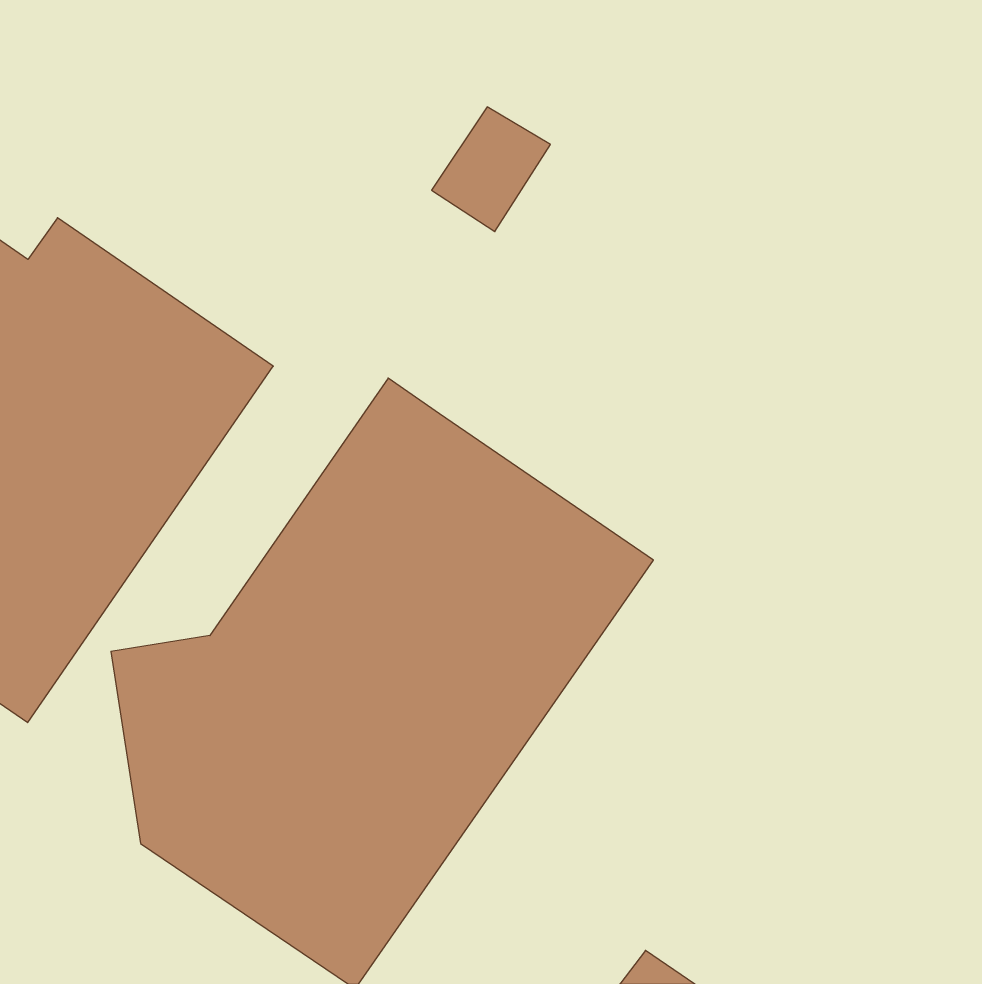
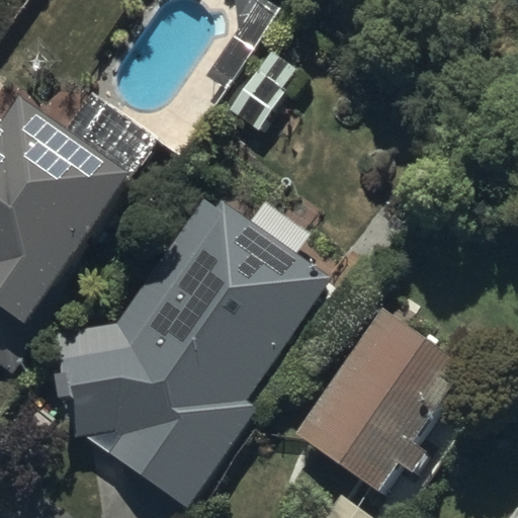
building: none -> [295,307,467,491]

